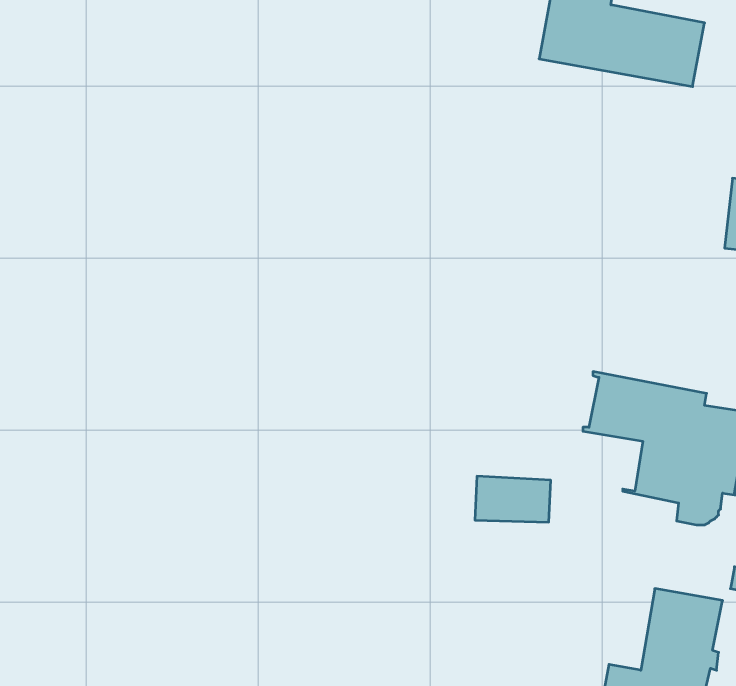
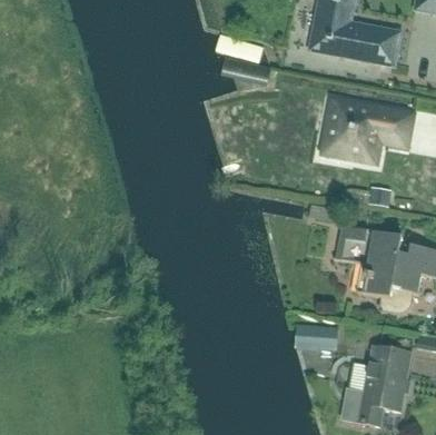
building: none -> [324,99,413,161]
building: [475,476,551,522] -> [296,324,338,349]

